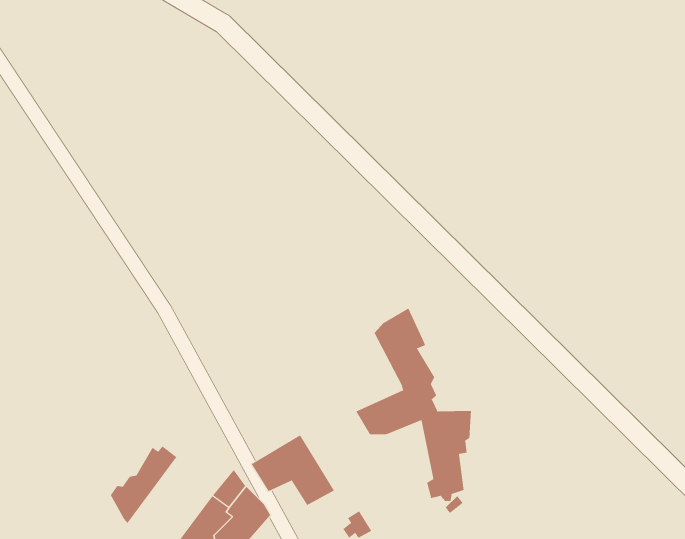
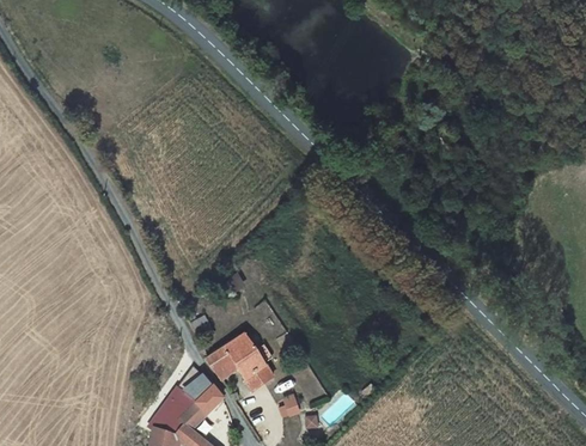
building: [356,307,472,502] -> none
building: [110,446,177,524] -> none

